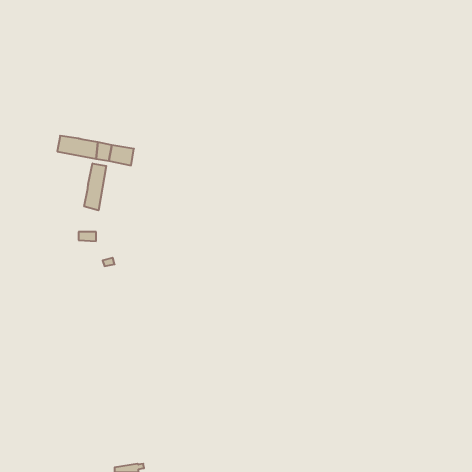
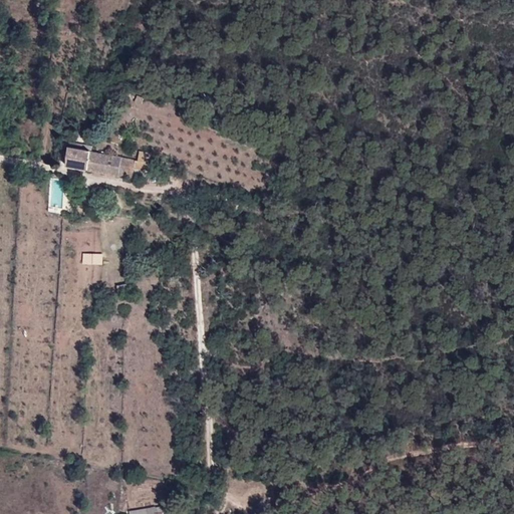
building: [84,163,106,210] -> none

